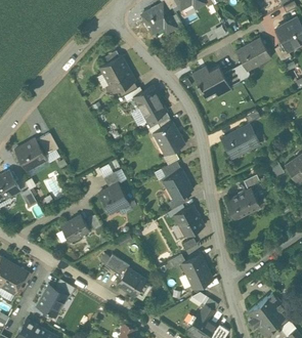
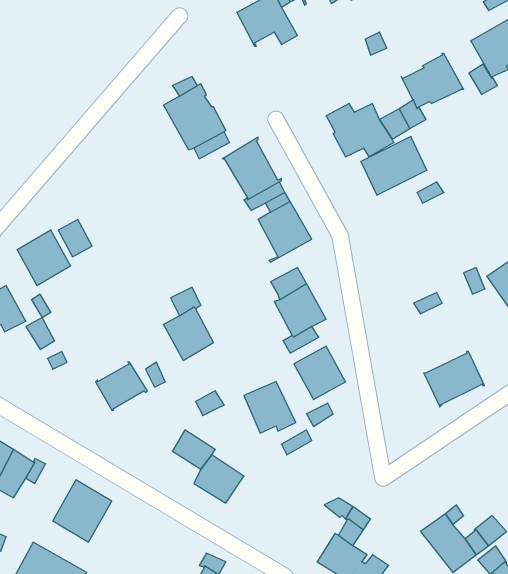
building: [221,125,259,159] -> [361,136,427,195]
building: [225,188,260,220] -> [424,352,484,407]
building: [182,256,212,286] -> [244,381,296,433]

